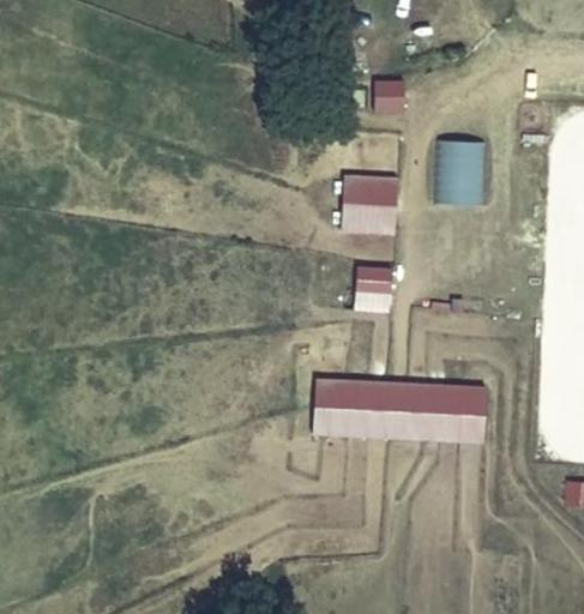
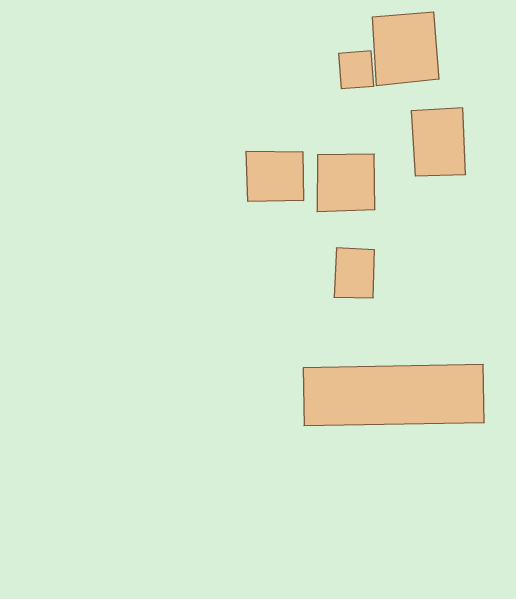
building: none -> [373,12,439,86]
building: none -> [246,151,303,201]

